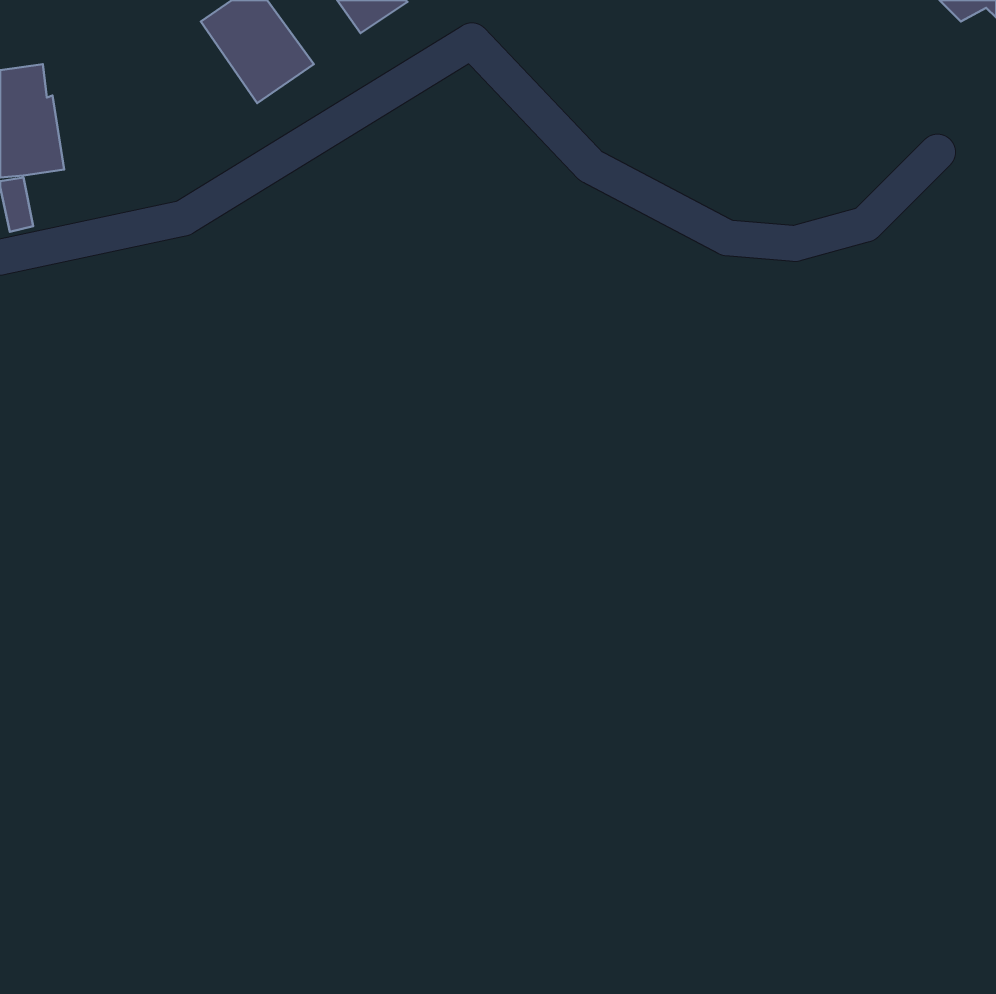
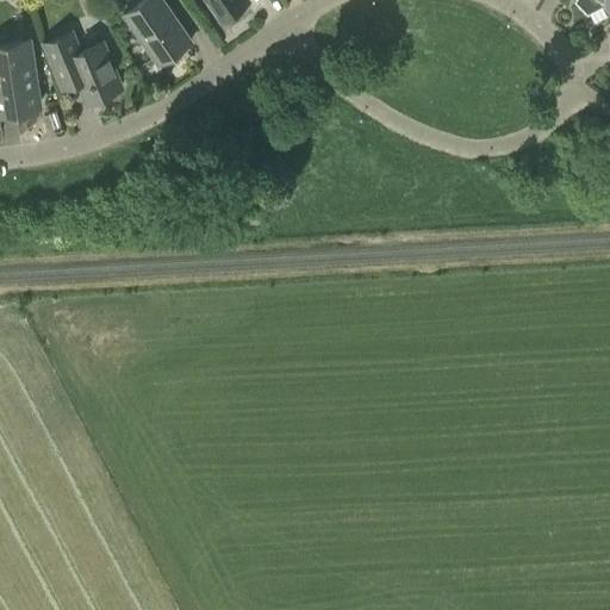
building: none -> [44,31,122,101]

